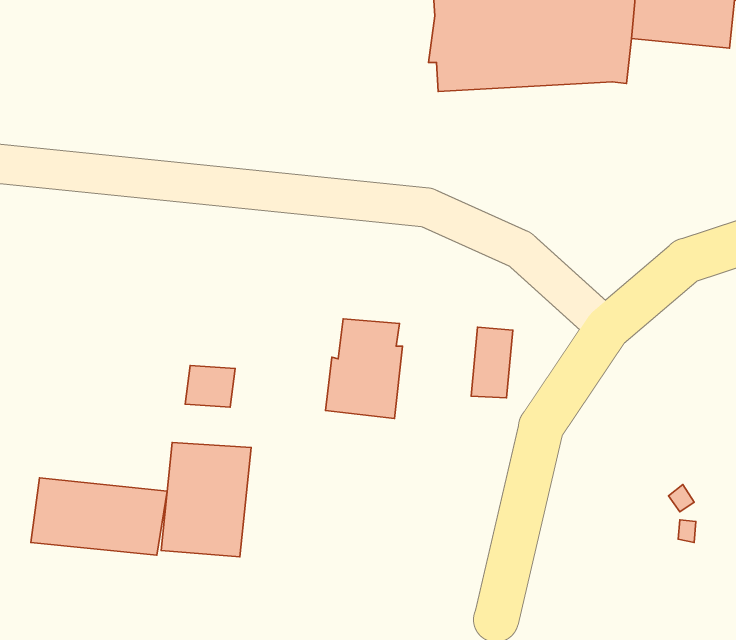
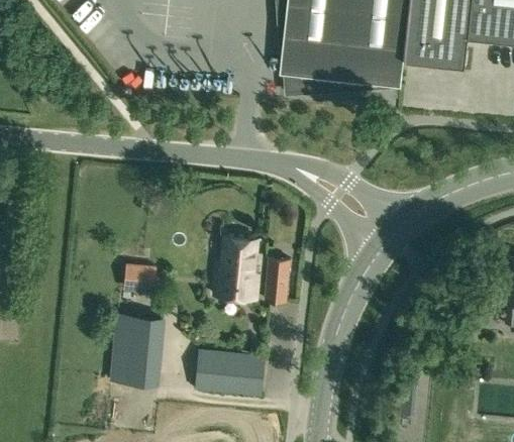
building: [471,327,513,398] -> [265,255,291,300]
building: [31,478,167,555] -> none
building: none -> [197,347,266,394]

